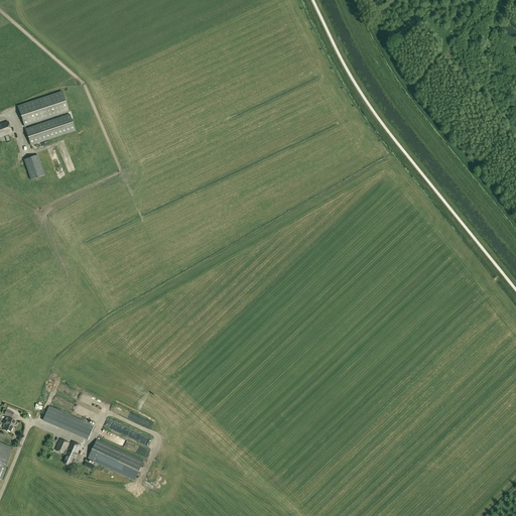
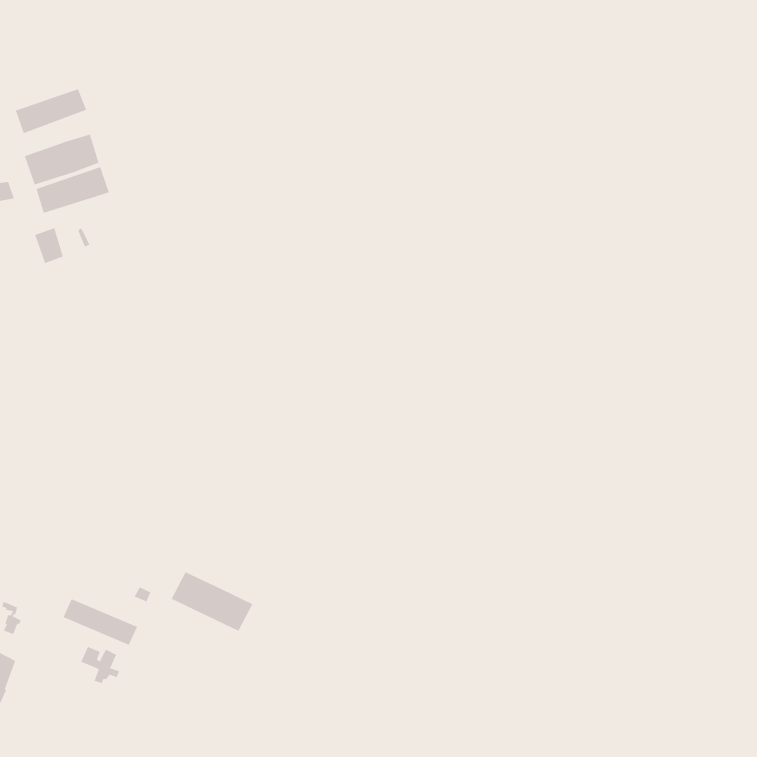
building: none -> [15,88,87,134]
building: [87,438,143,480] -> [170,571,254,632]

